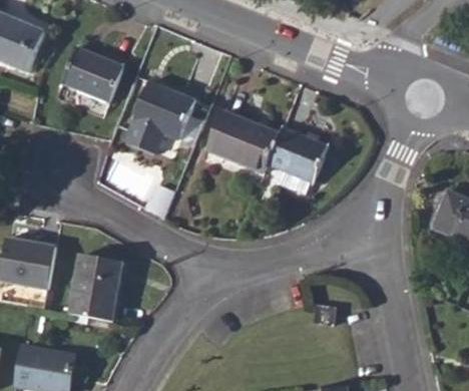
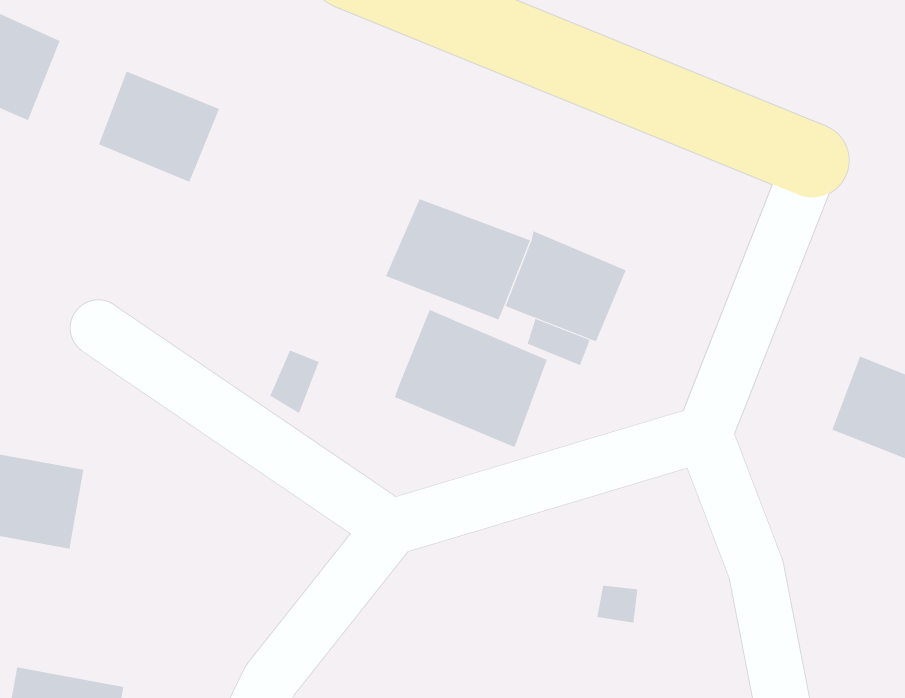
building: [124,80,194,153] -> none
building: none -> [394,309,547,448]
building: [70,253,121,320] -> none

